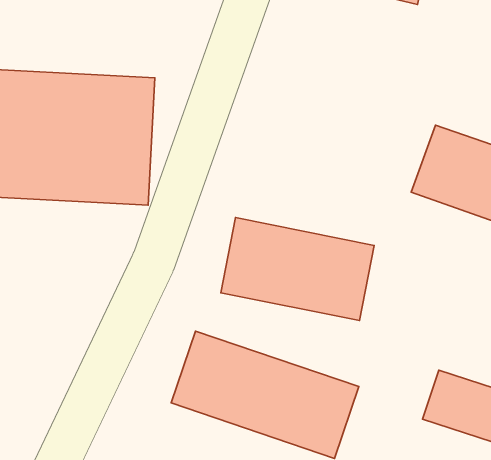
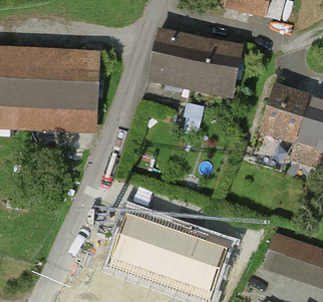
building: [221,218,374,321] -> [149,33,244,96]

